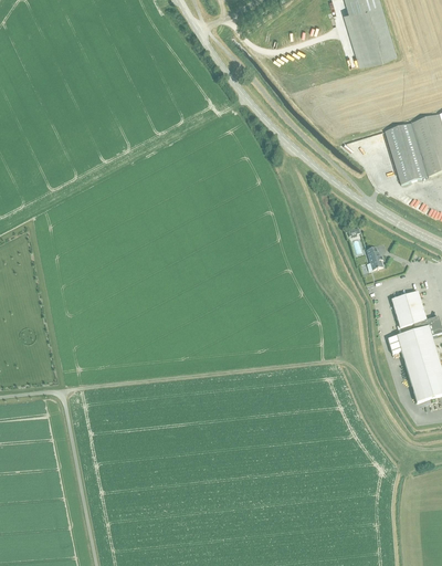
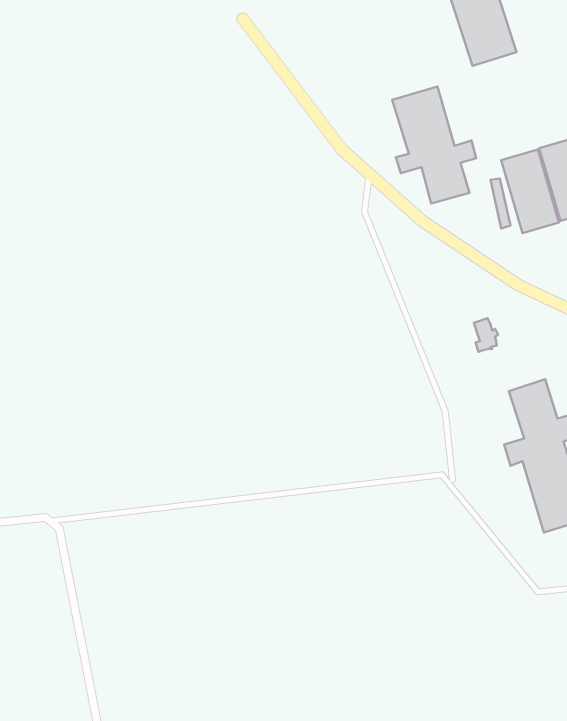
building: none -> [392,87,476,203]

